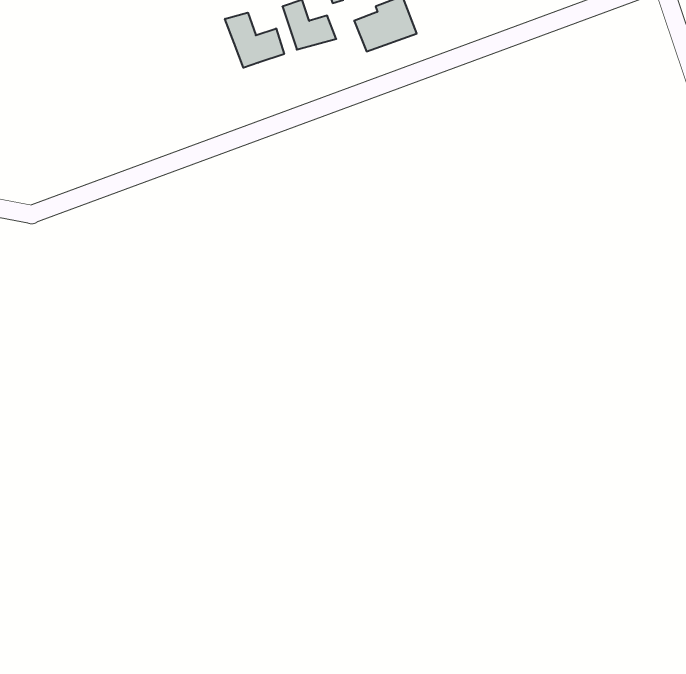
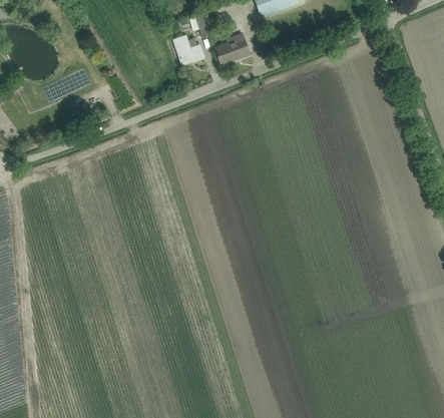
building: [225,13,284,68] -> none

